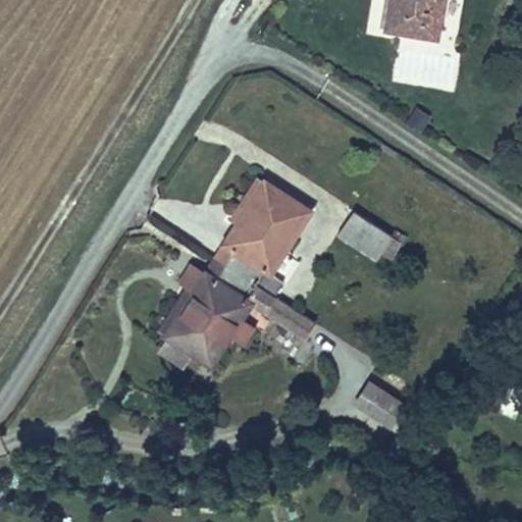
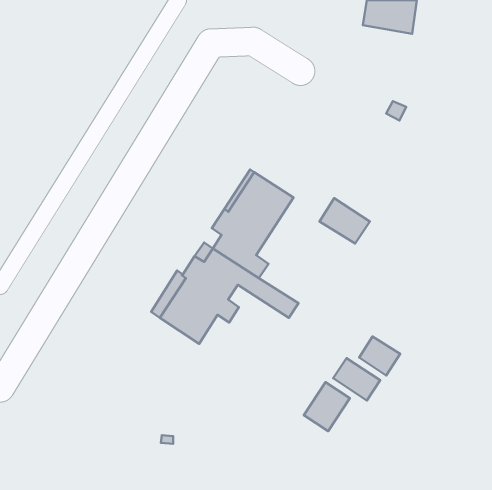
building: none -> [359,336,400,375]
building: none -> [304,382,350,431]

